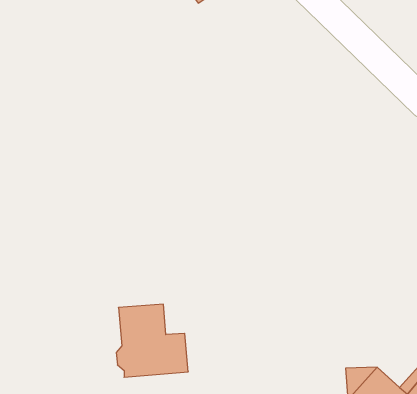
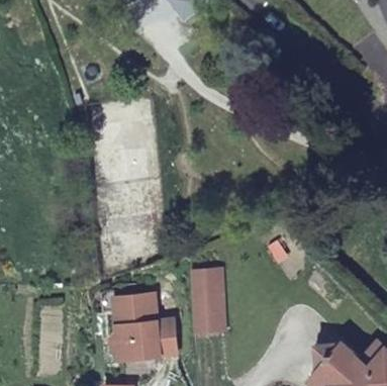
building: none -> [190,268,224,330]

